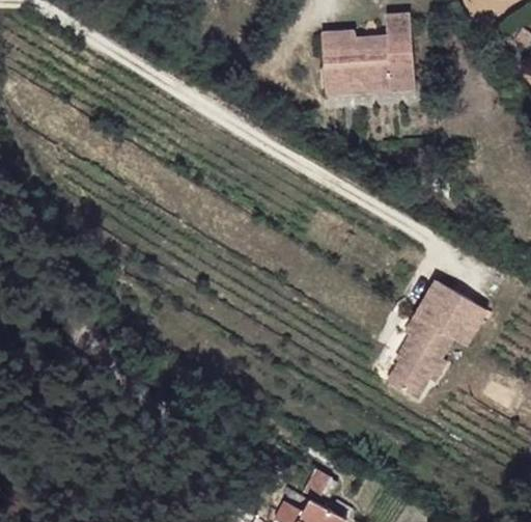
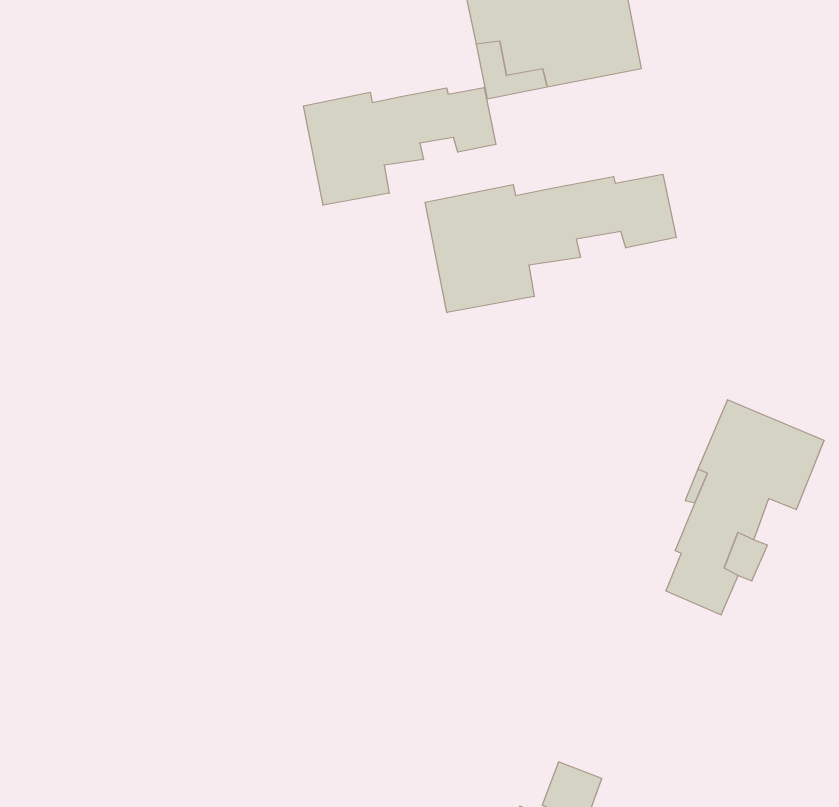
building: none -> [303,87,496,205]
building: none -> [425,174,676,313]

